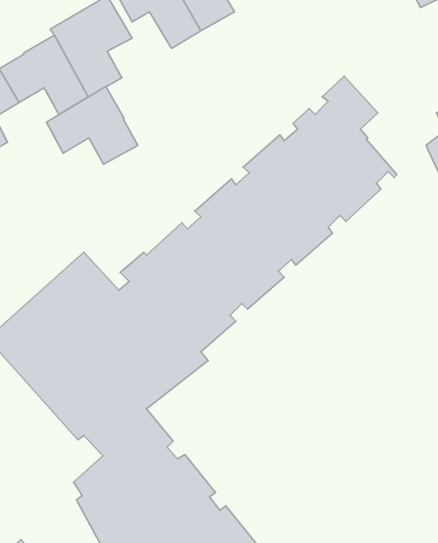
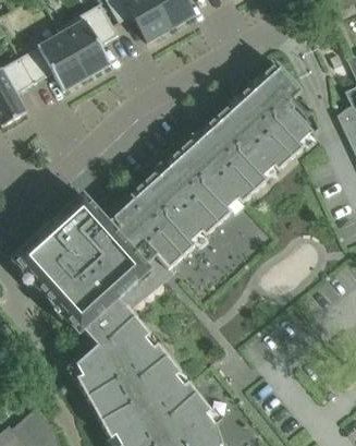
building: [46,87,138,164] -> none

